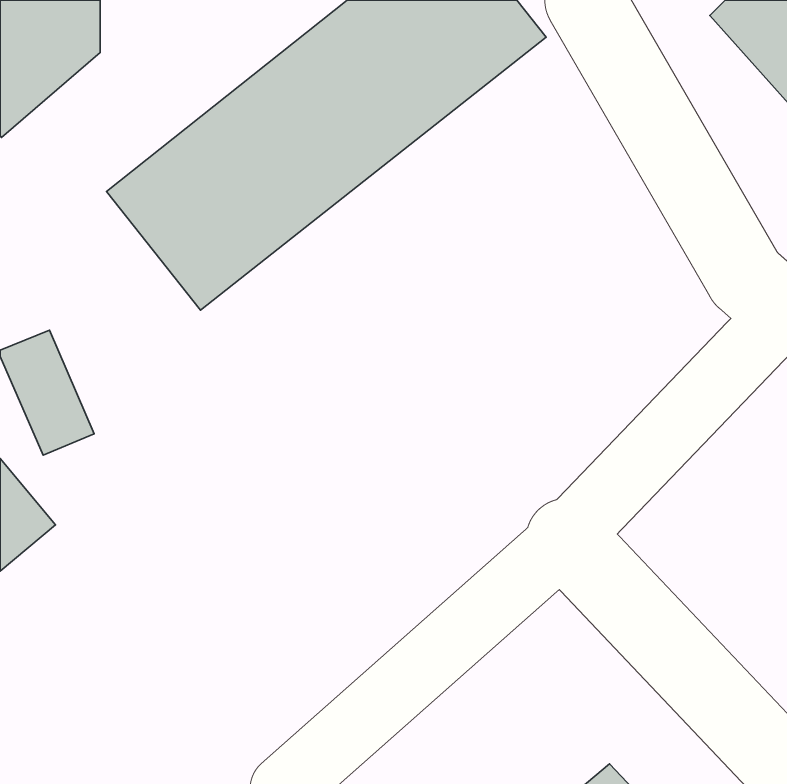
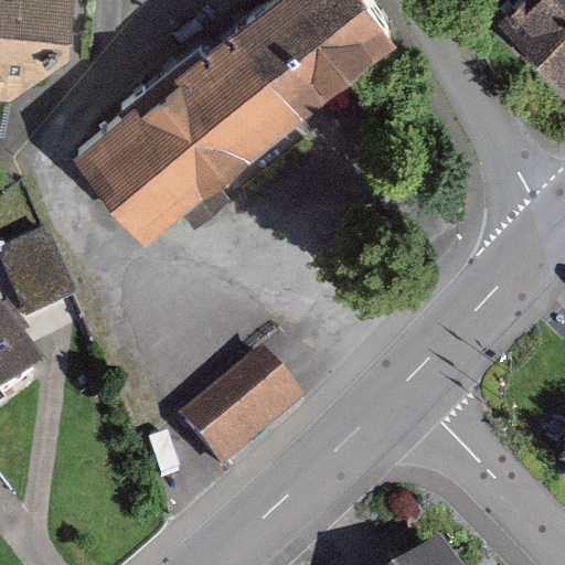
building: none -> [189,359,301,466]

